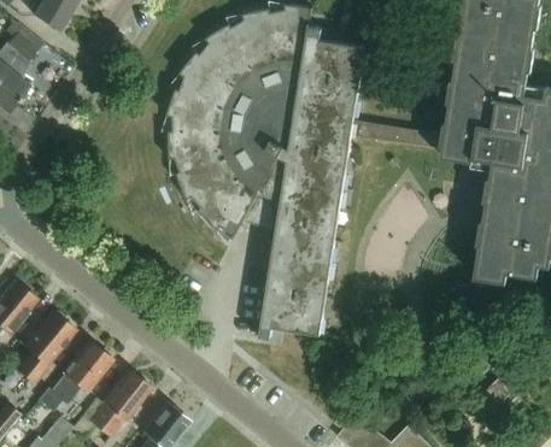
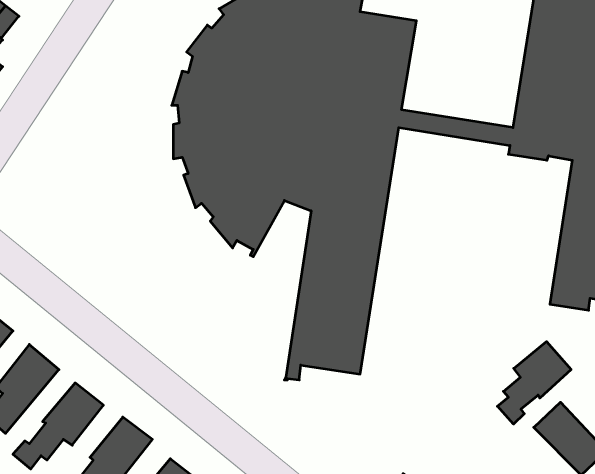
building: none -> [497,342,571,424]

